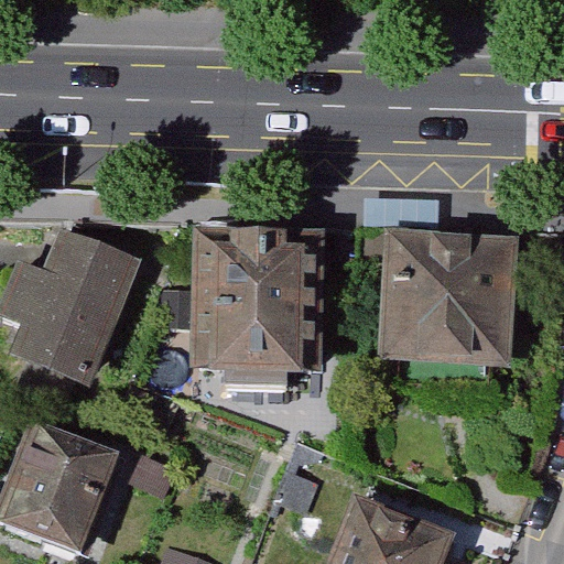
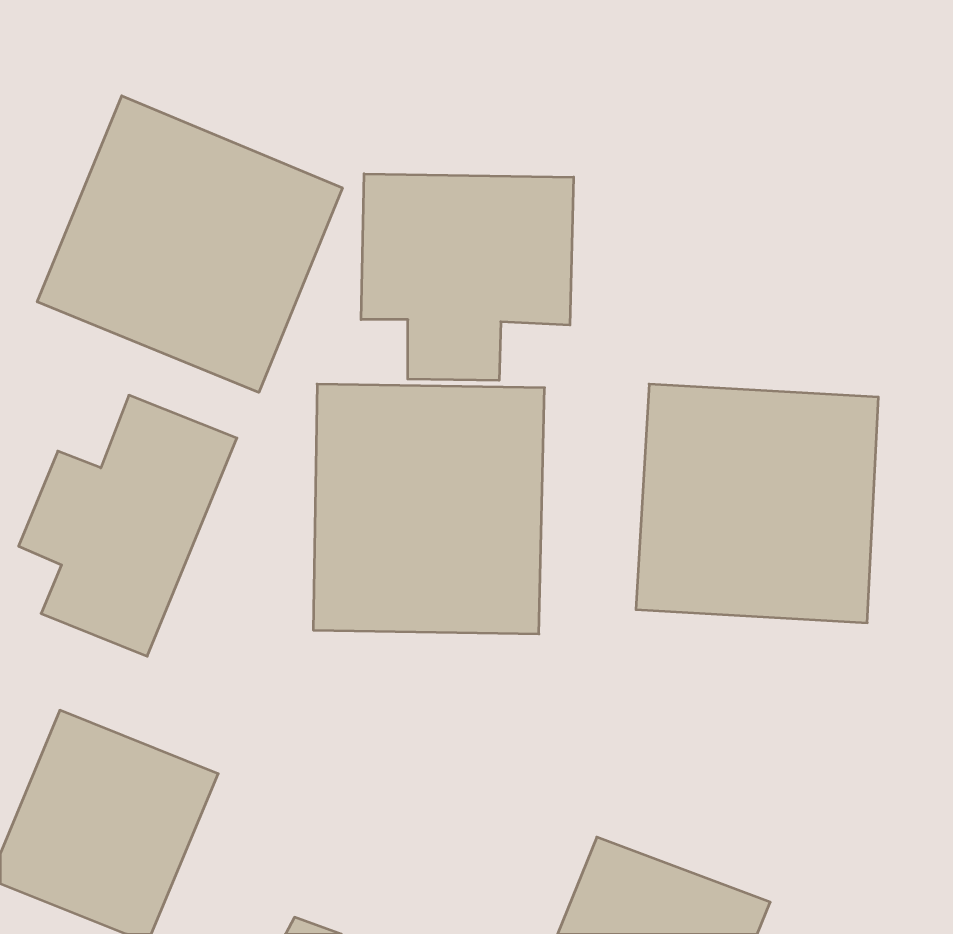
building: none -> [37,96,342,392]
building: none -> [361,174,574,380]

